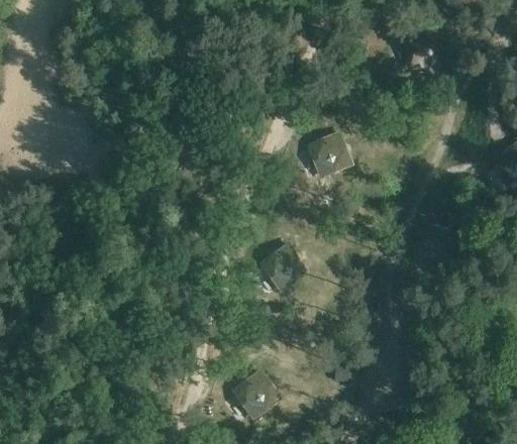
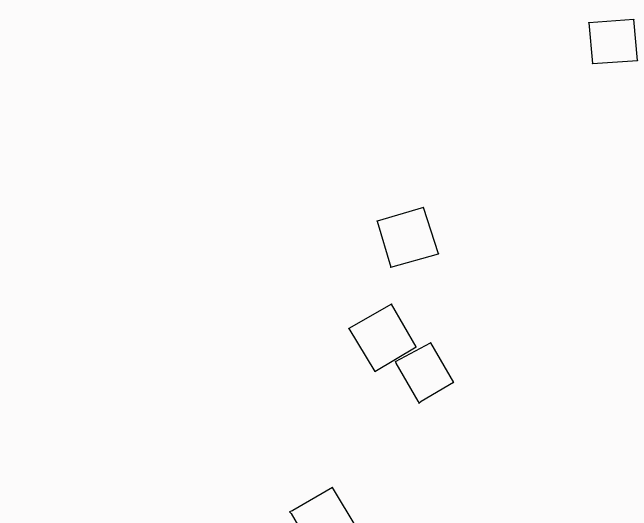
building: [308,133,351,176] -> [377,207,439,267]
building: none -> [396,343,453,403]

